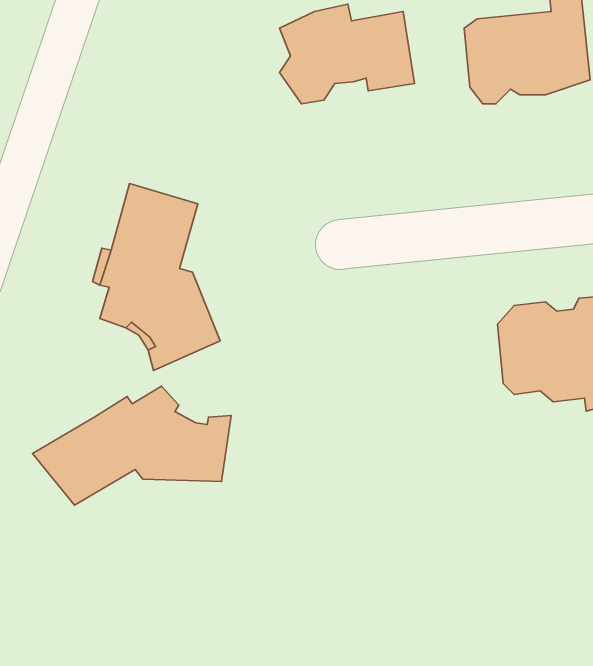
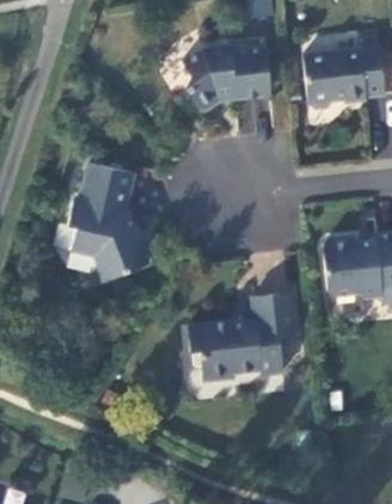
building: [32,386,231,505] -> none
building: none -> [186,293,294,376]

